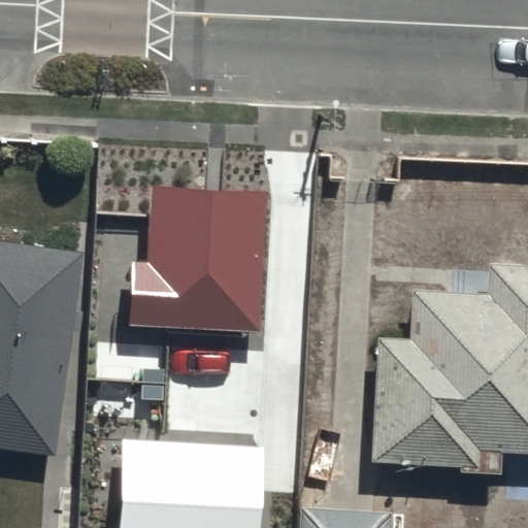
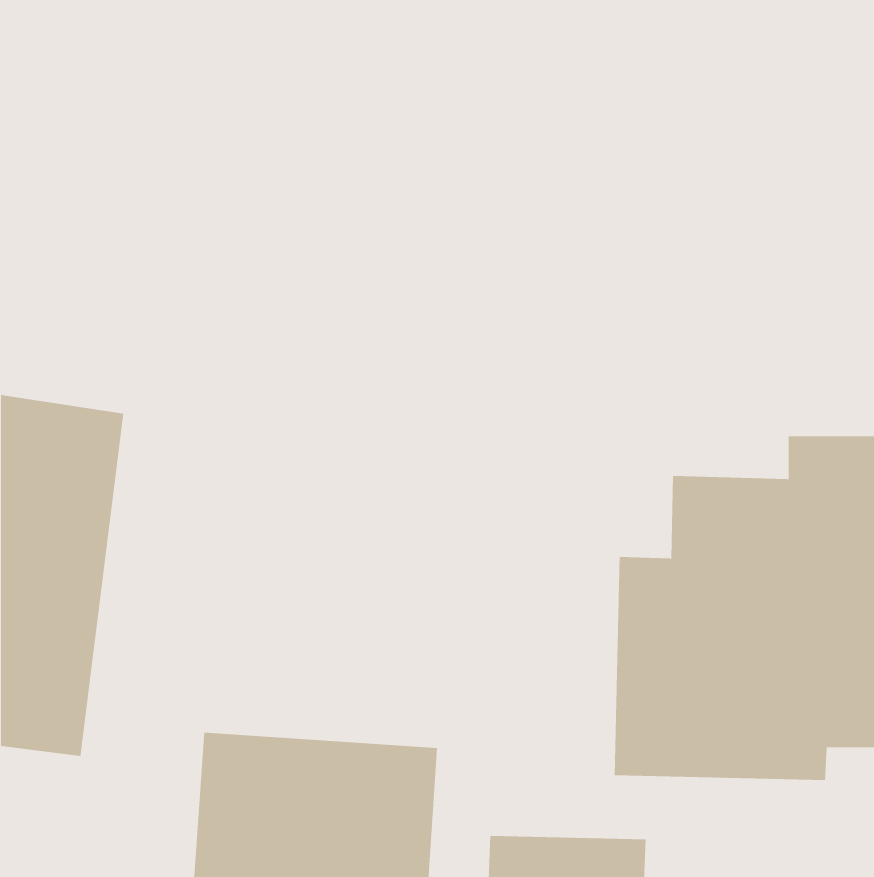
building: [132,190,273,333] -> none

